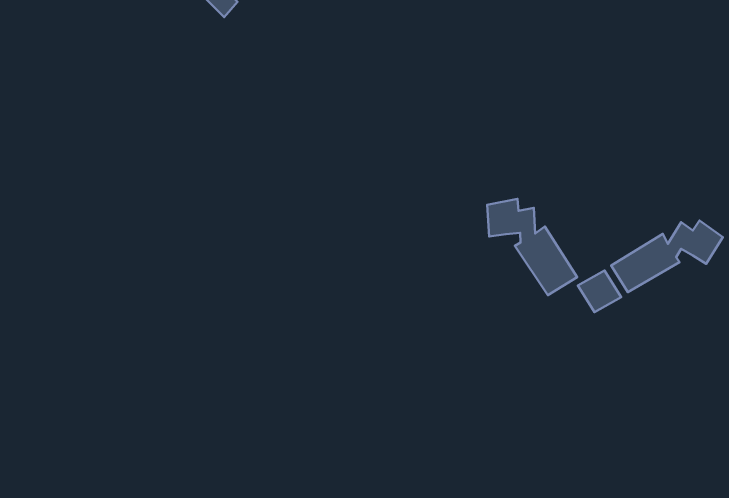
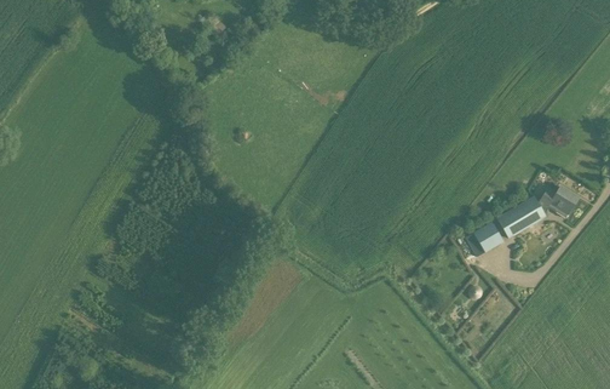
building: [487,199,577,295] -> none

